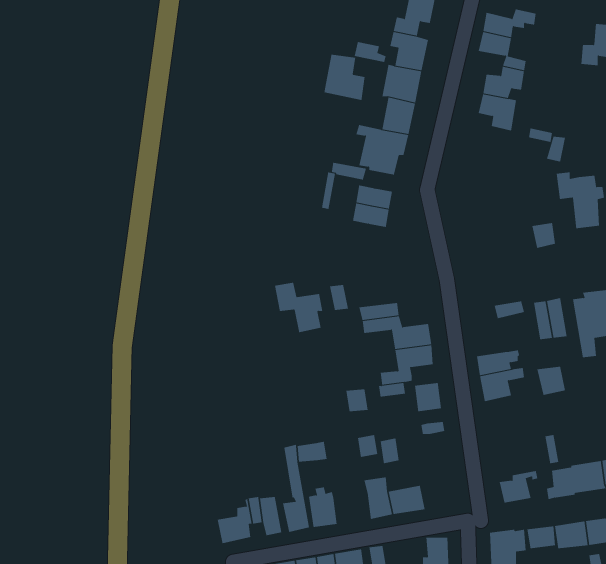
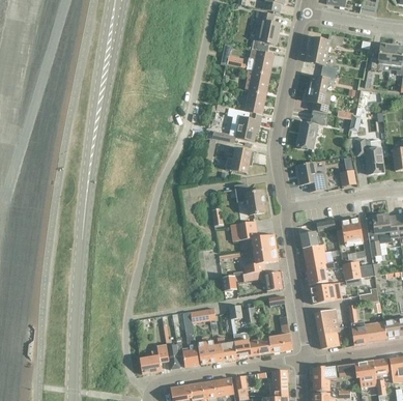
building: [324,54,365,101] -> none
building: none -> [297,111,326,148]
building: none -> [296,162,328,192]
building: [274,282,323,333] -> [234,183,265,216]
building: none -> [300,231,324,255]
building: none -> [312,282,341,304]
building: none -> [315,309,343,335]
building: none -> [269,316,292,352]
building: none -> [214,337,237,362]

